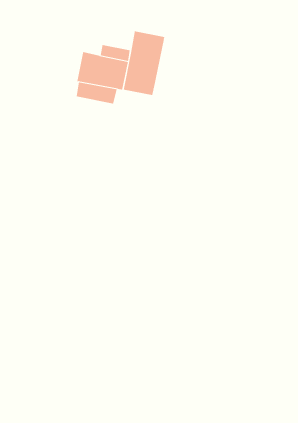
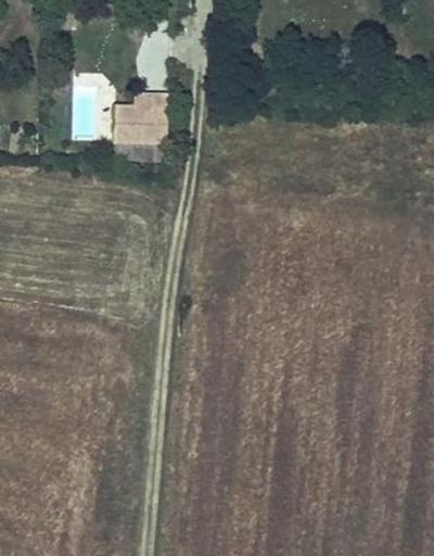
building: [123,31,165,96] -> none

